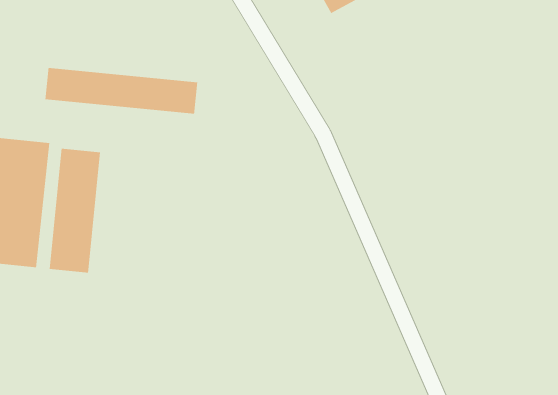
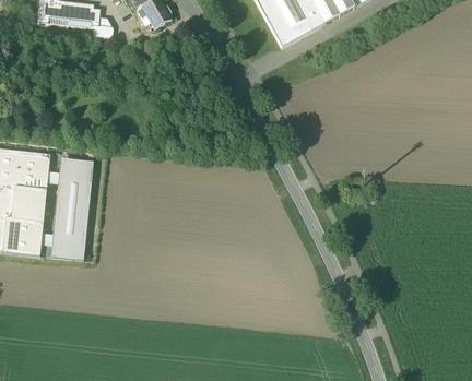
building: [45,67,198,114] -> none

